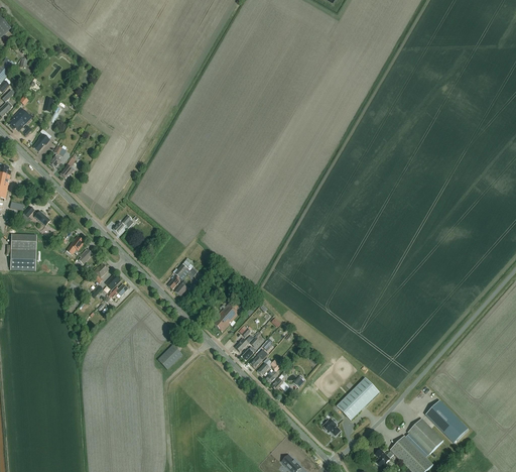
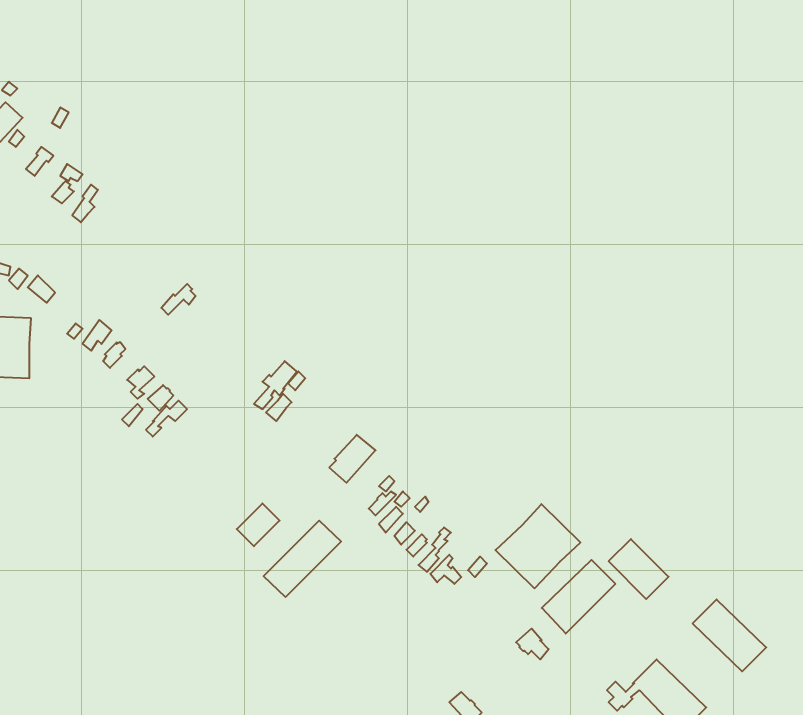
building: none -> [495,504,580,588]
building: none -> [264,521,341,597]
building: [408,419,443,454] -> [609,539,669,599]

